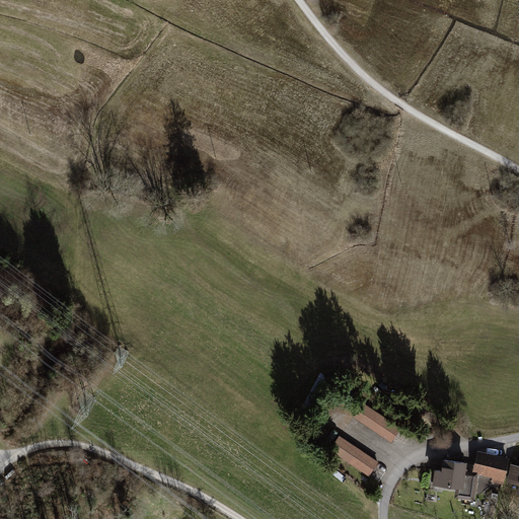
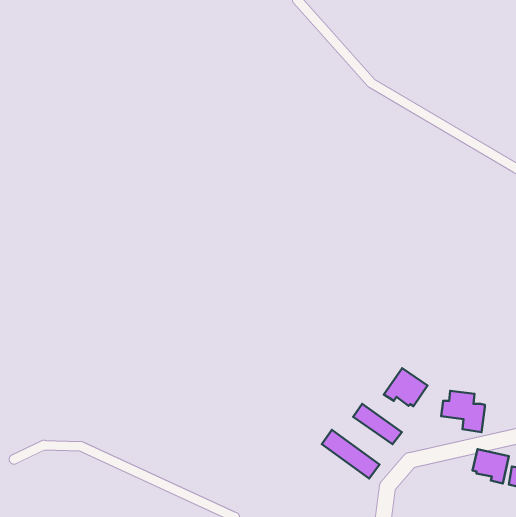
building: none -> [384,368,427,406]
building: [435,458,478,500] -> [441,391,485,432]

